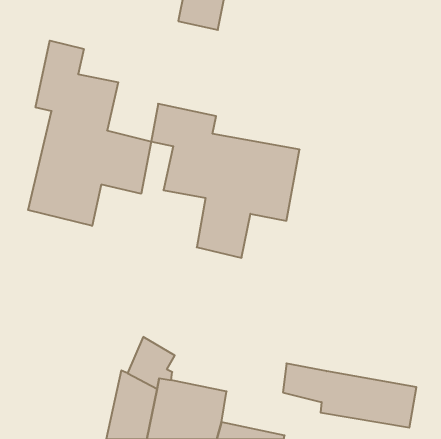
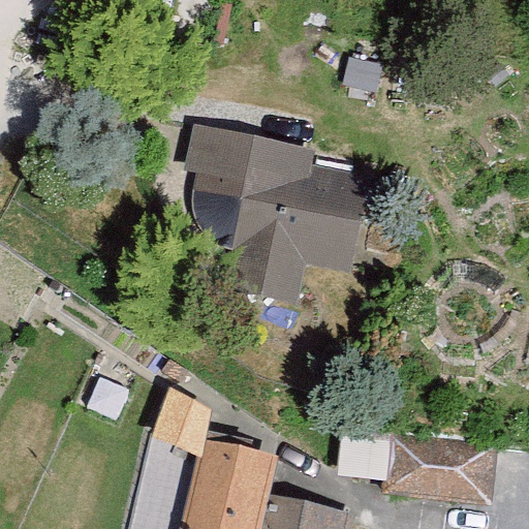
building: [28,41,151,226] -> none

